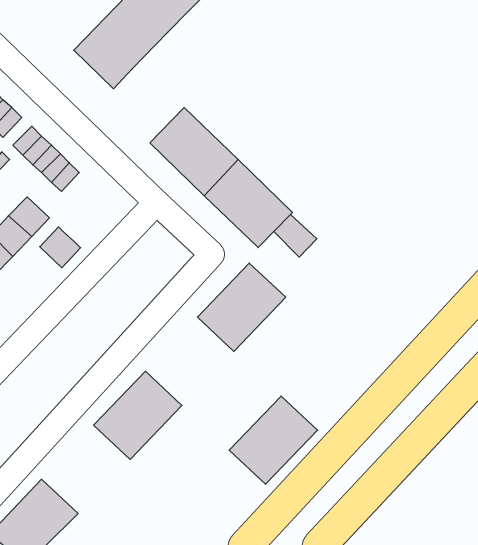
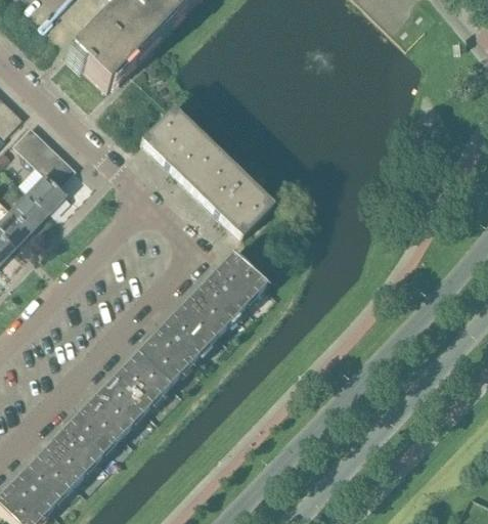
building: [274,214,317,257] -> none
building: [40,227,81,268] -> [29,171,66,209]
building: [229,396,318,484] -> [138,301,220,383]
building: none -> [42,401,124,483]

